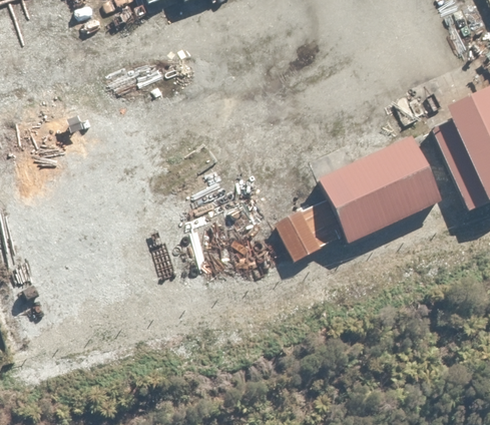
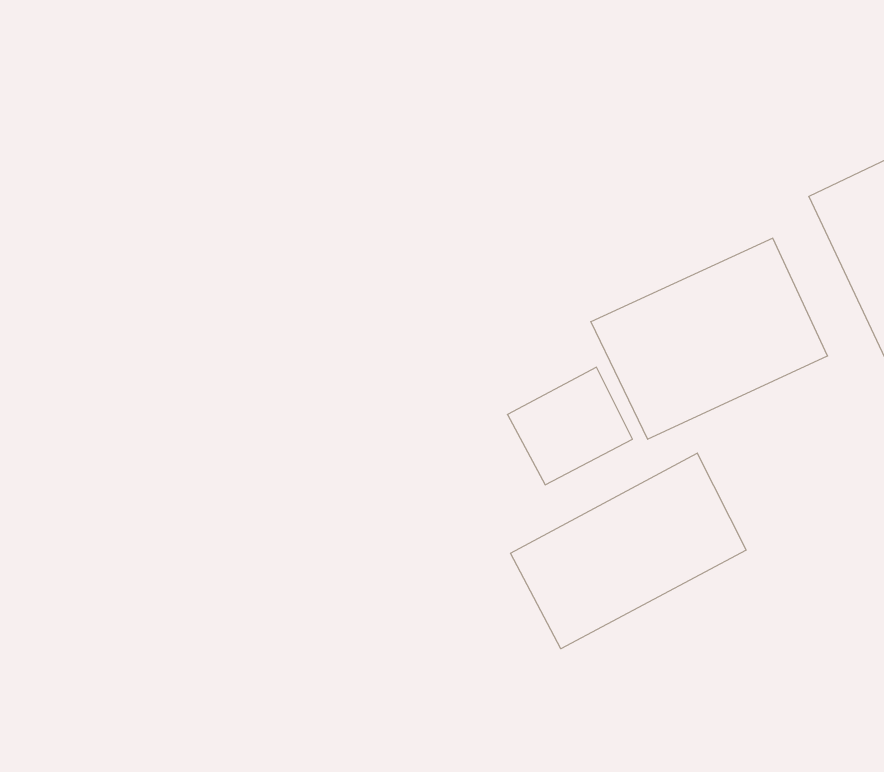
building: none -> [511,453,746,649]

